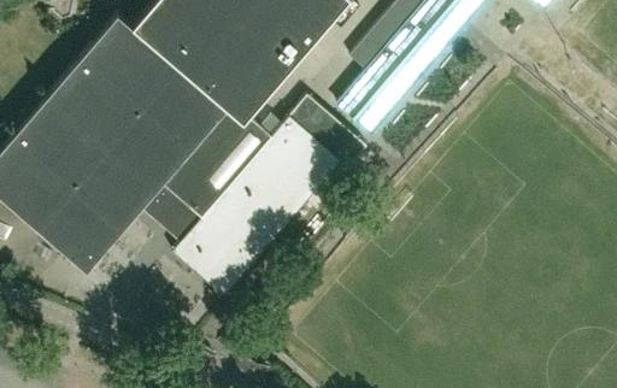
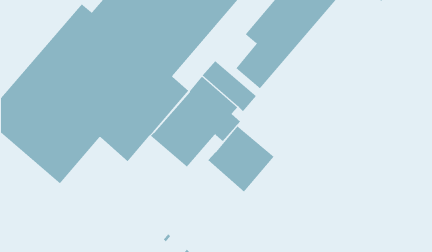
building: [172,206,268,301] -> [208,125,275,192]

